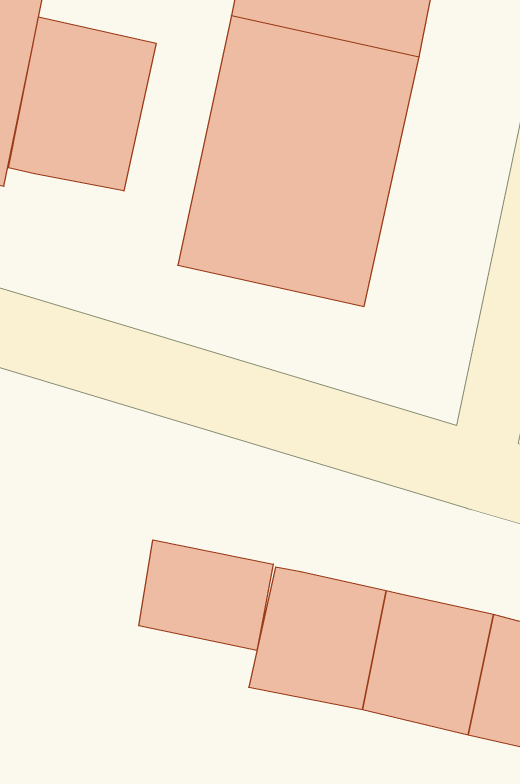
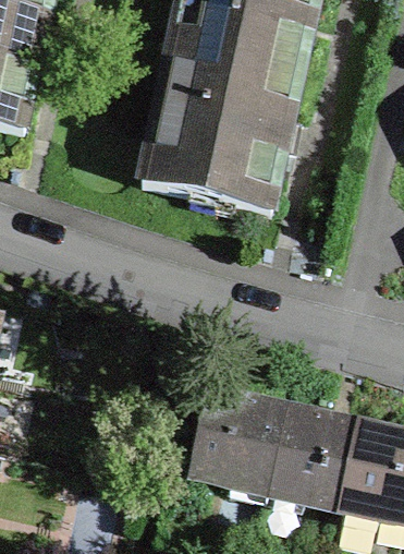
building: [8,17,156,191] -> none
building: [139,540,273,650] -> none

